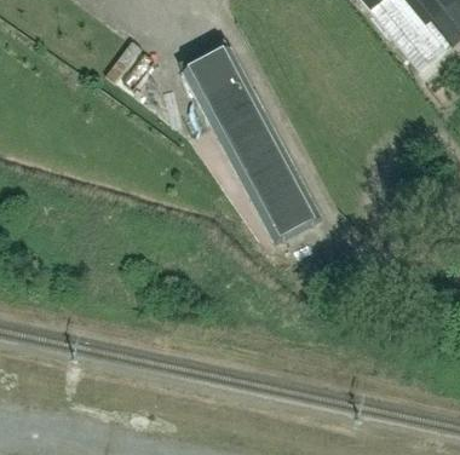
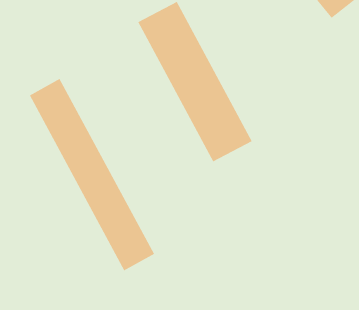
building: none -> [29,78,155,272]

